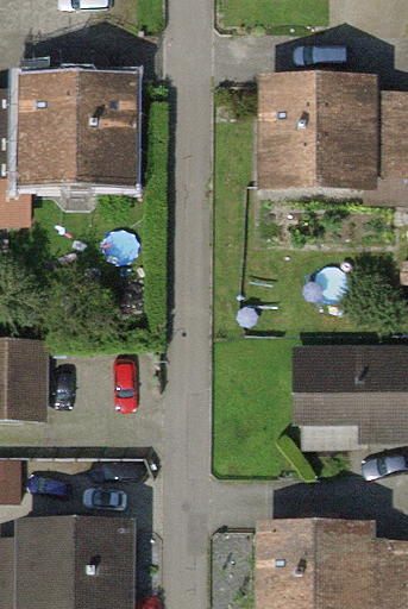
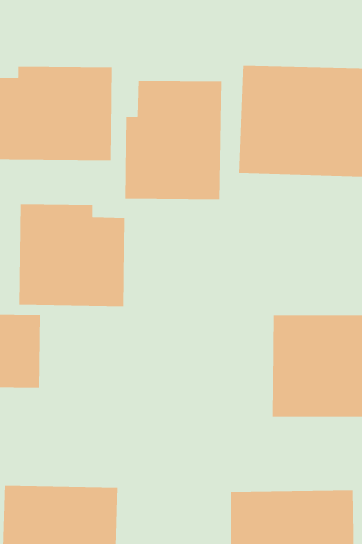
building: none -> [125,80,222,200]
building: none -> [19,204,125,307]

